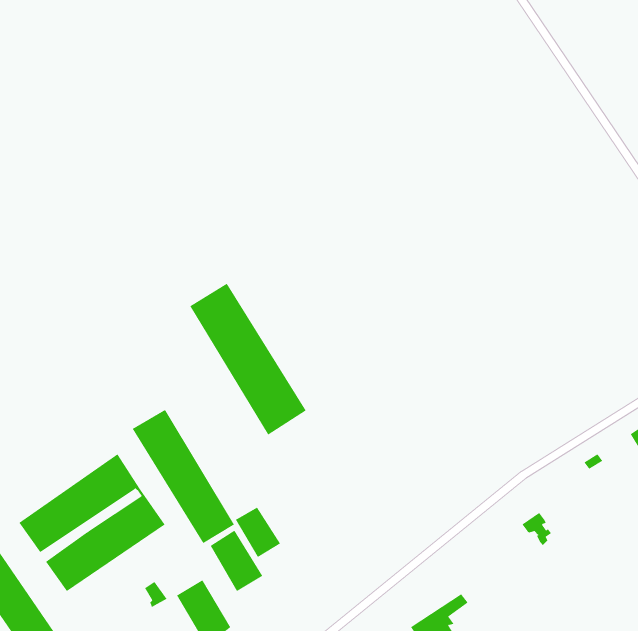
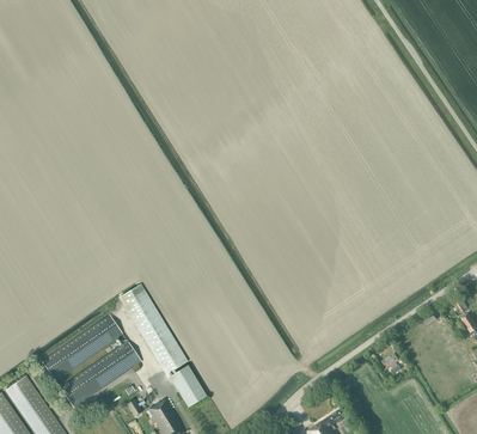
building: [189,283,306,436] -> none
building: [235,507,281,558] -> none

